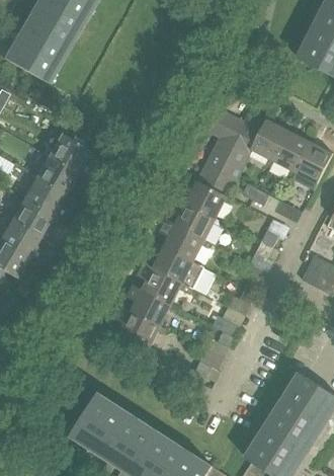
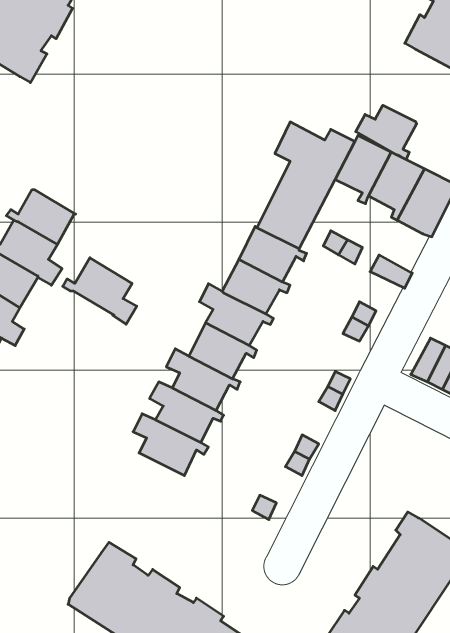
building: none -> [356,105,417,160]
building: [43,134,92,178] -> [63,258,137,324]

